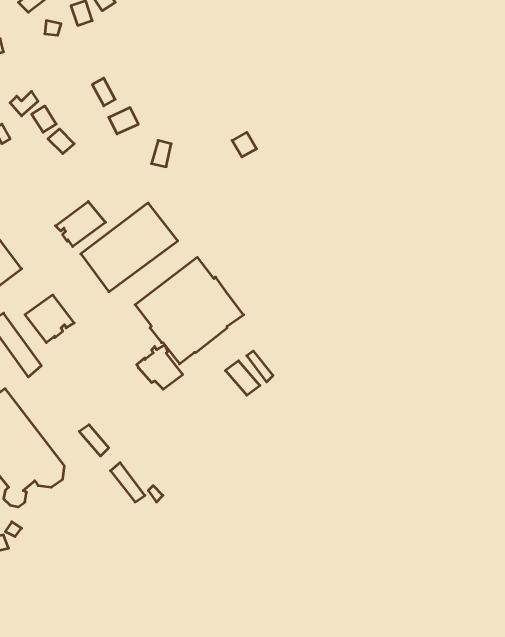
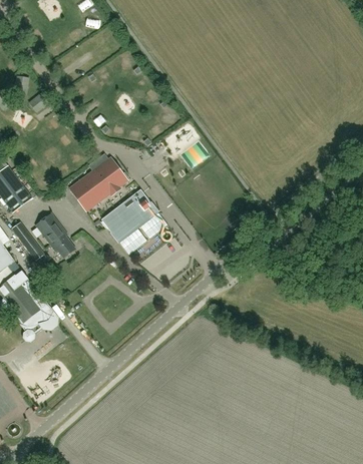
building: [55,201,106,247] -> none
building: [137,345,183,389] -> [47,229,75,257]

